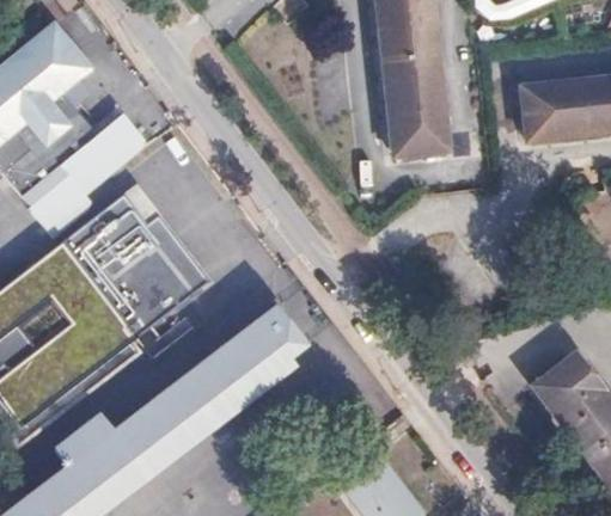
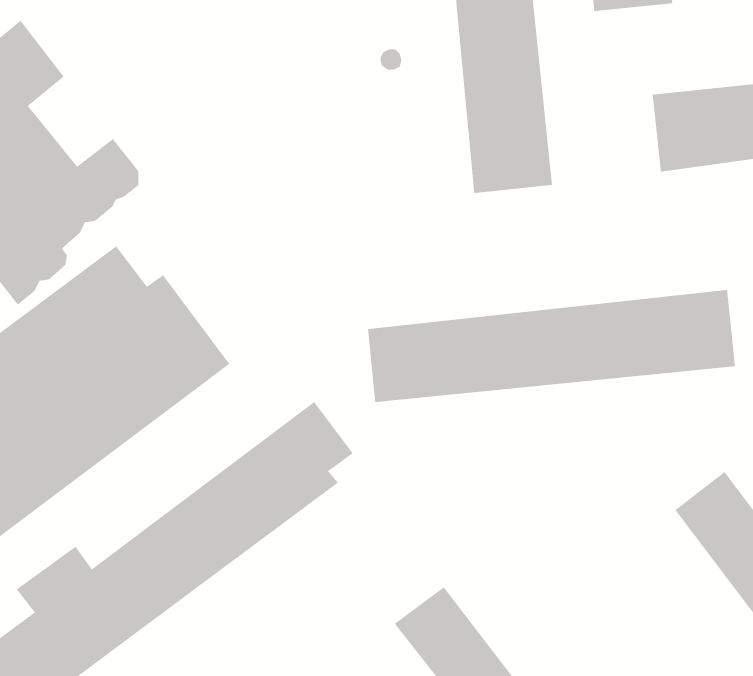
building: none -> [368,289,735,403]

